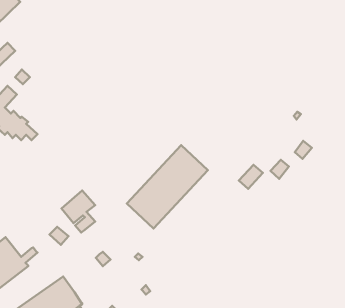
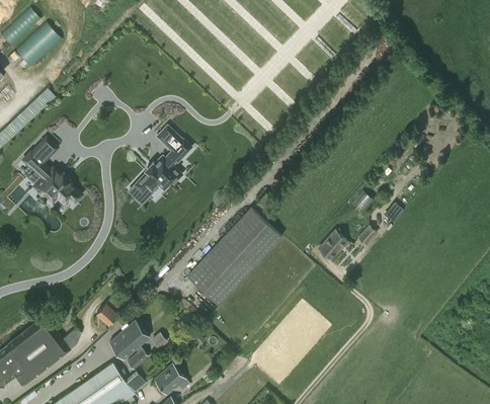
building: none -> [135,126,191,204]
building: [61,190,95,233] -> [109,321,149,371]
building: none -> [154,366,184,394]

